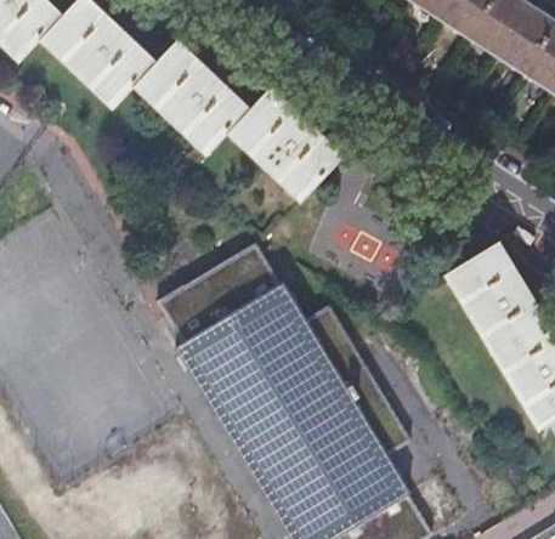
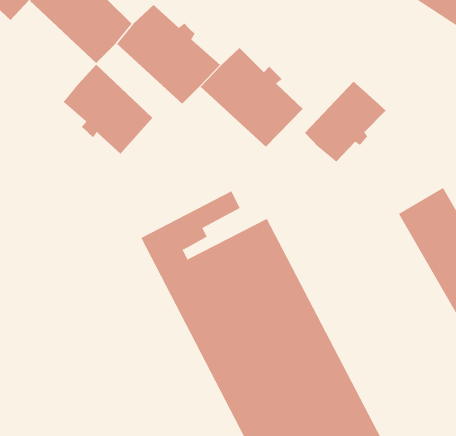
building: none -> [63,64,153,154]
building: none -> [304,81,386,162]

